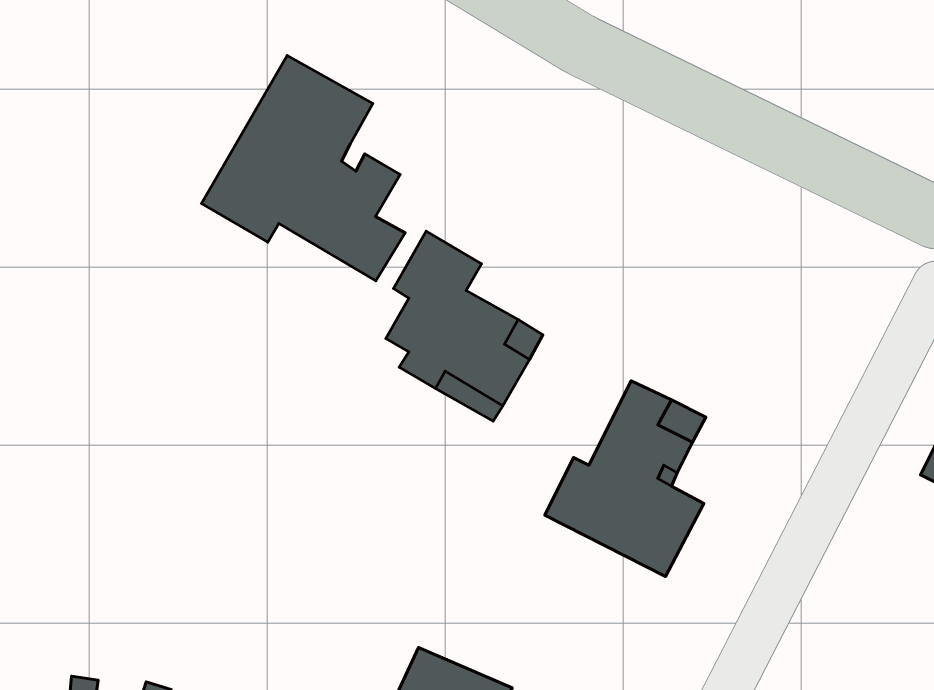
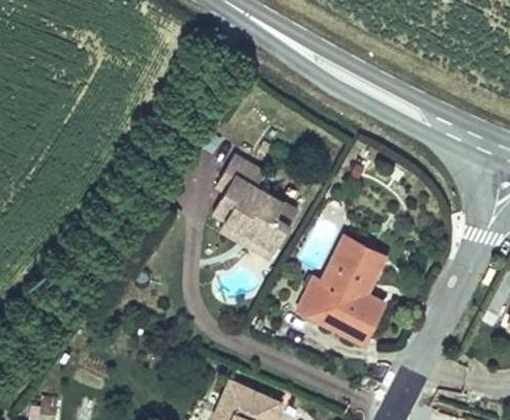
building: [202,55,405,281] -> none

